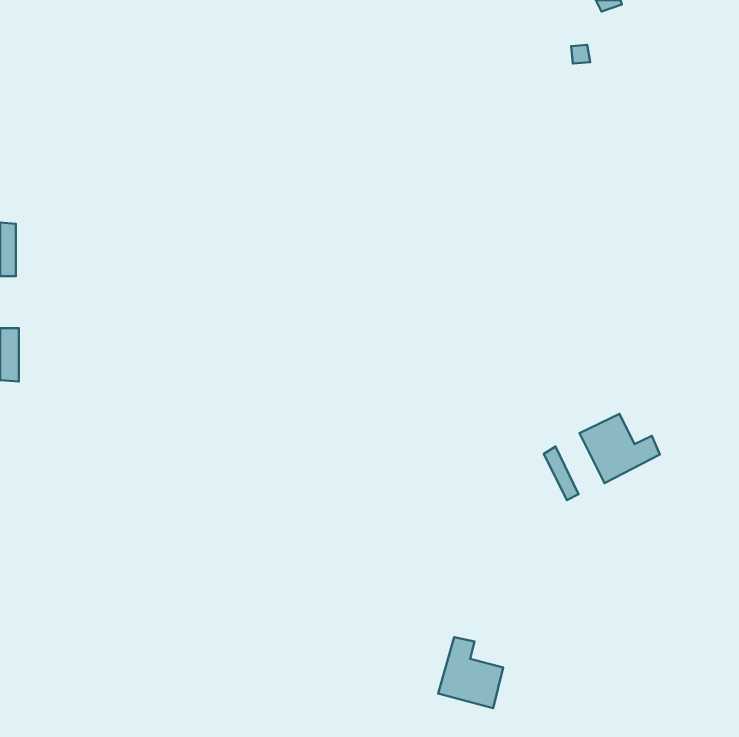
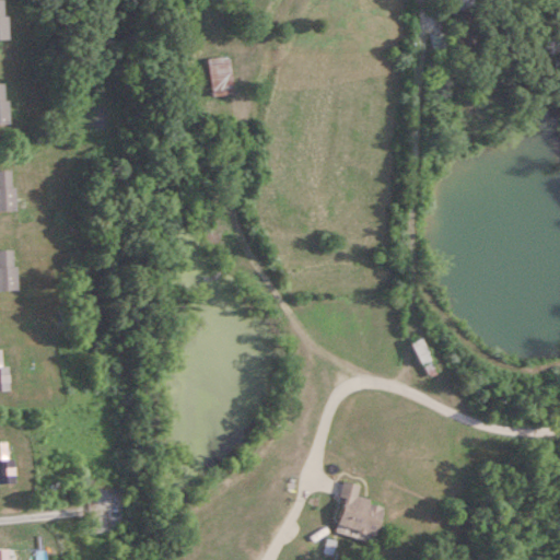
building: none -> [211,58,233,91]
building: [580,414,660,483] -> none

